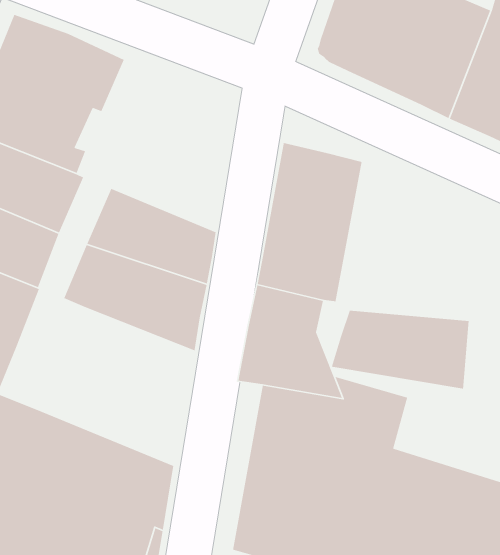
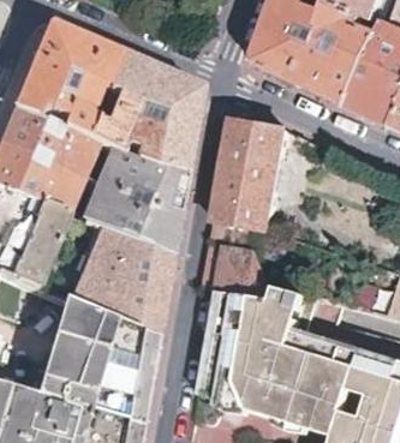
building: none -> [88,62,197,180]
building: none -> [64,232,168,340]
building: [331,310,469,389] -> none

